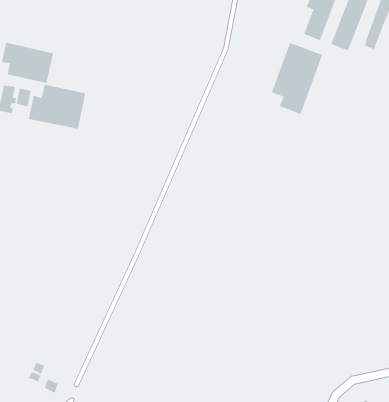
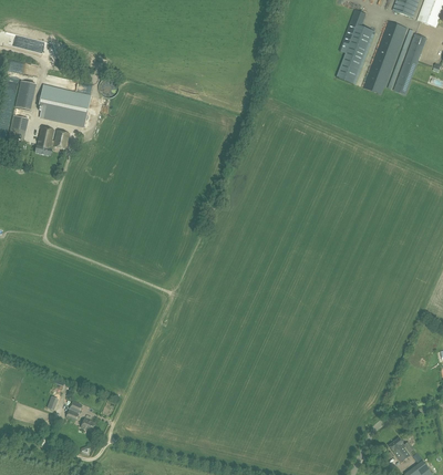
building: [271,42,323,115] -> none
building: [28,84,86,130] -> none

